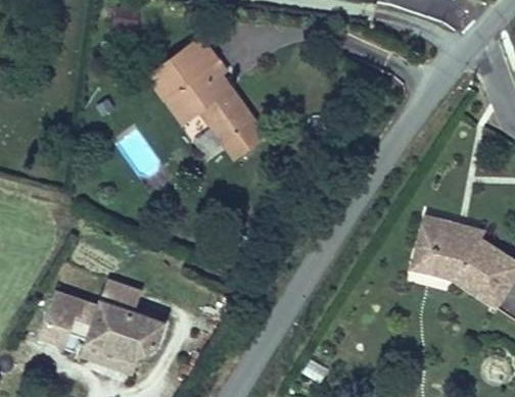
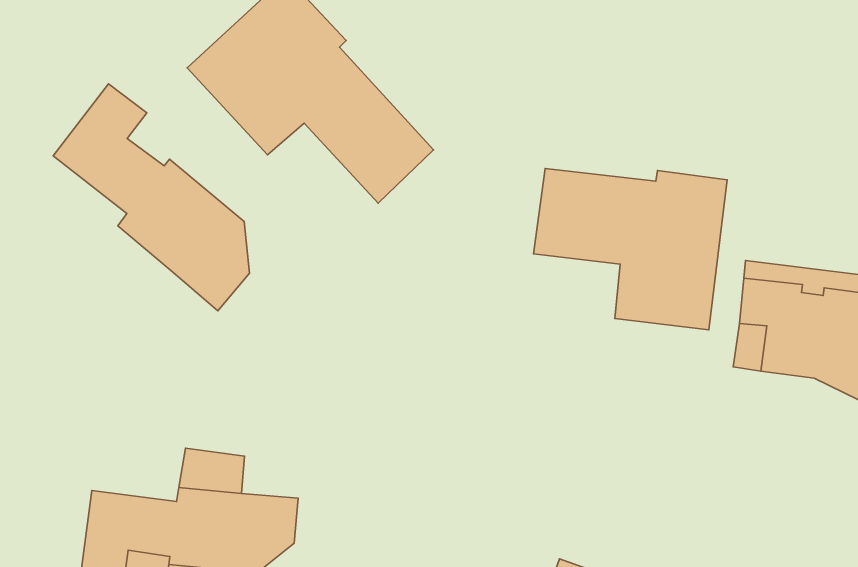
building: none -> [53,84,250,311]
building: none -> [534,169,727,330]

